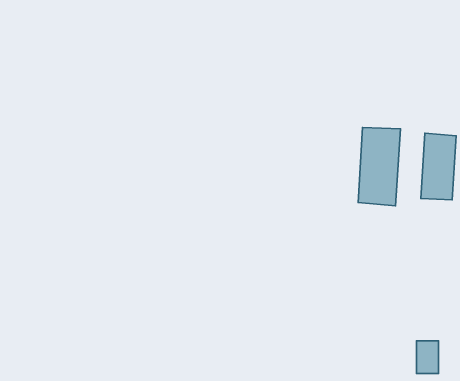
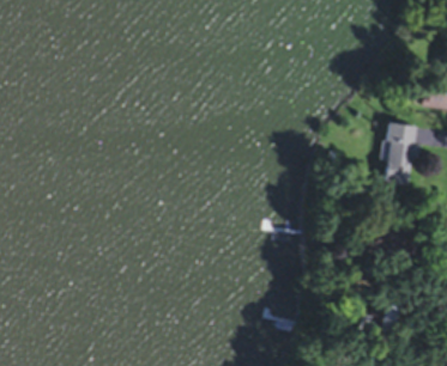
building: [358,127,400,206] -> none

